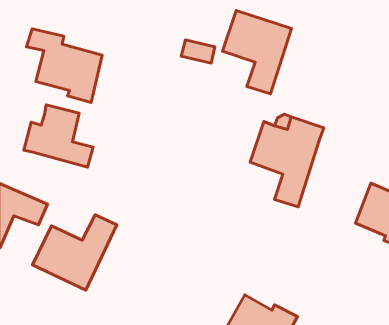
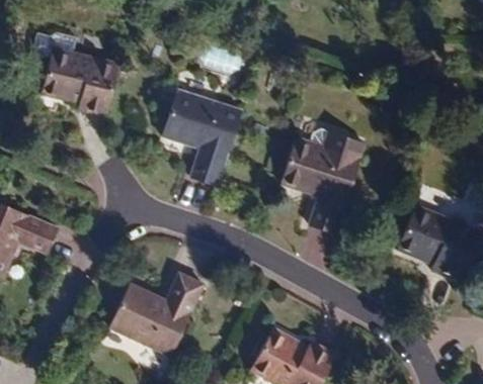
building: [222,10,292,94] -> [163,90,240,183]
building: [24,105,93,167] -> none
building: [32,215,117,290] -> [109,272,204,356]

